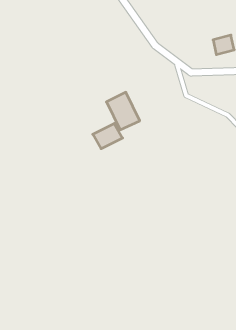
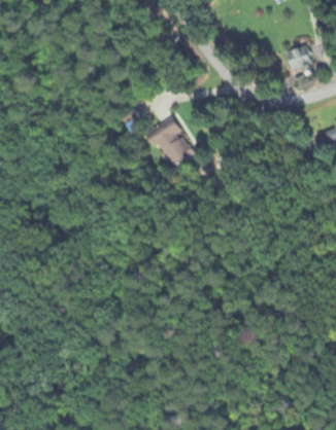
building: [93,123,123,149] -> none

